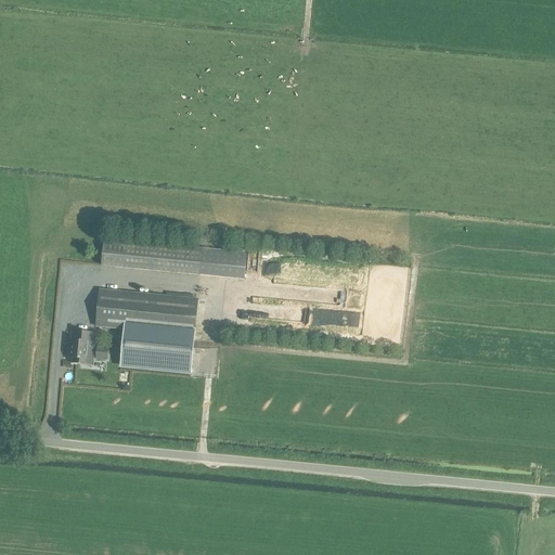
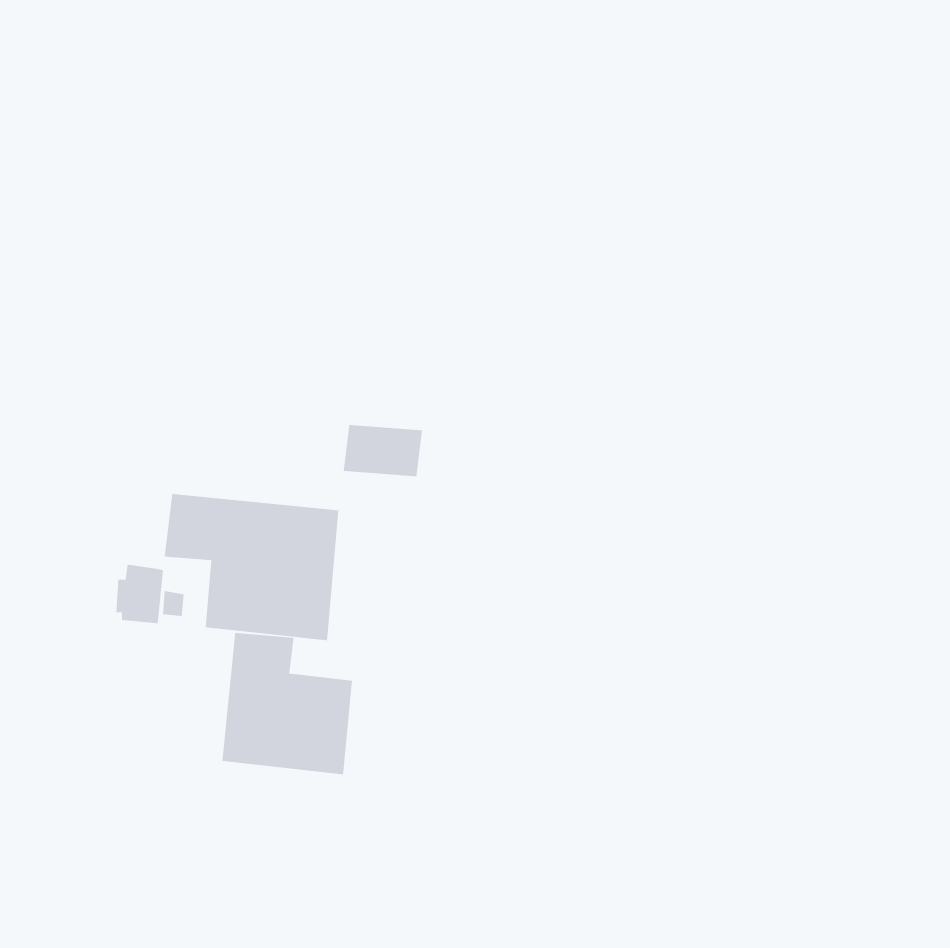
building: [101,237,203,274] -> none
building: none -> [222,632,352,775]

